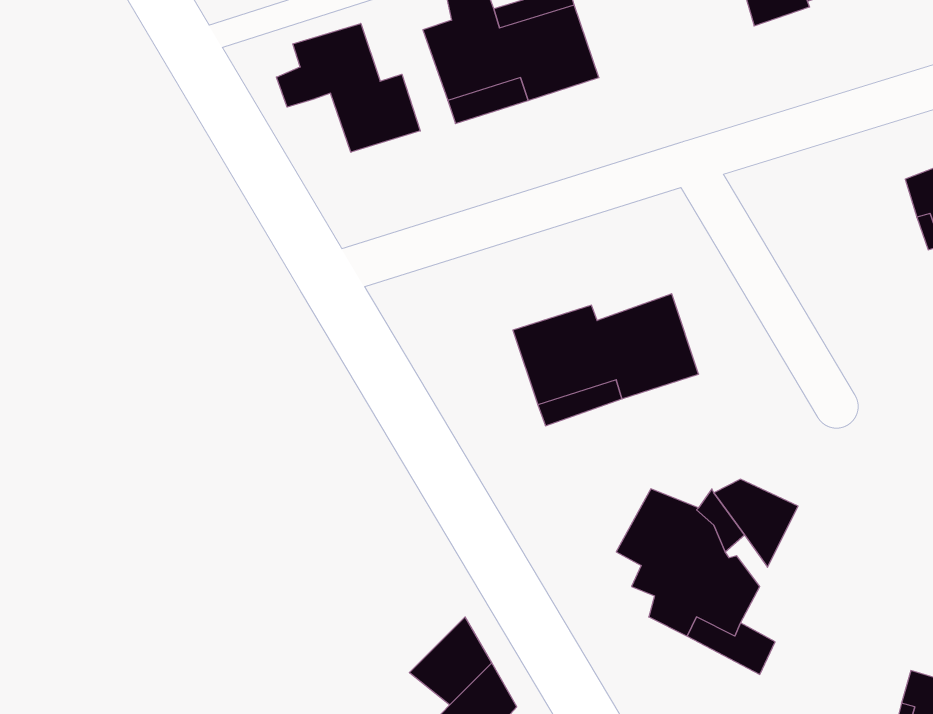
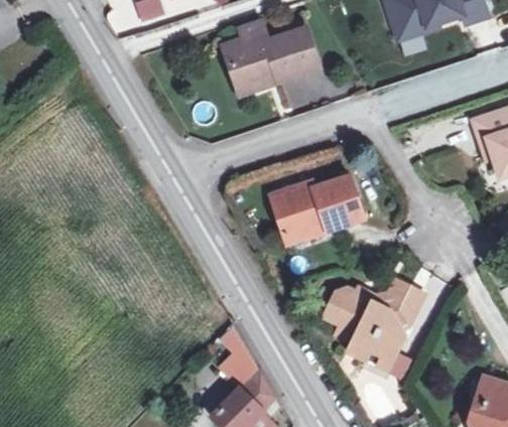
building: [276,23,420,152] -> none

